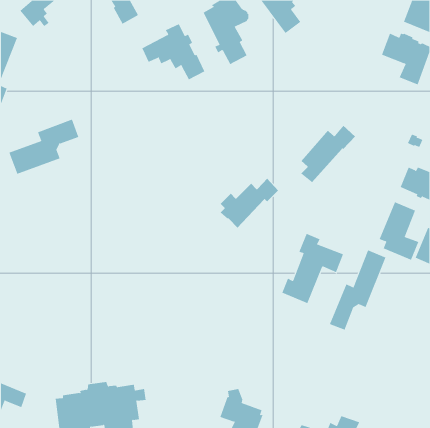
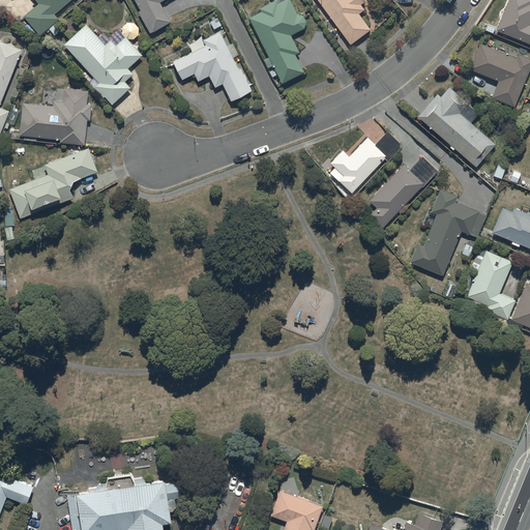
building: none -> [64,24,143,105]
building: none -> [416,87,496,168]
building: none -> [20,89,92,146]
building: [220,178,279,228] -> [330,131,403,194]
building: [282,233,344,304] -> [410,189,487,276]
building: [329,250,386,331] -> none

